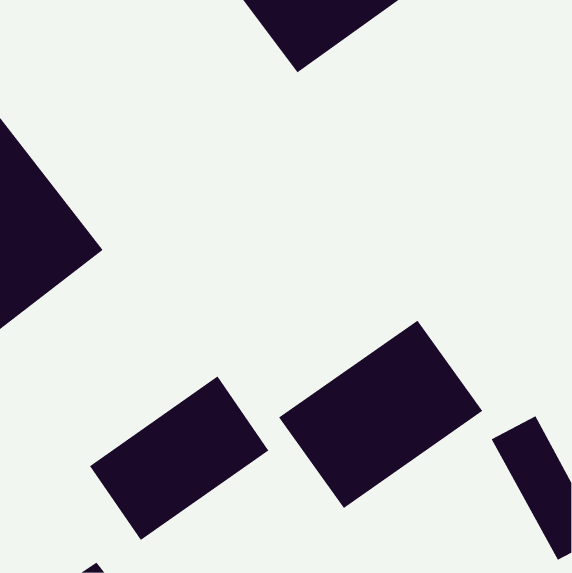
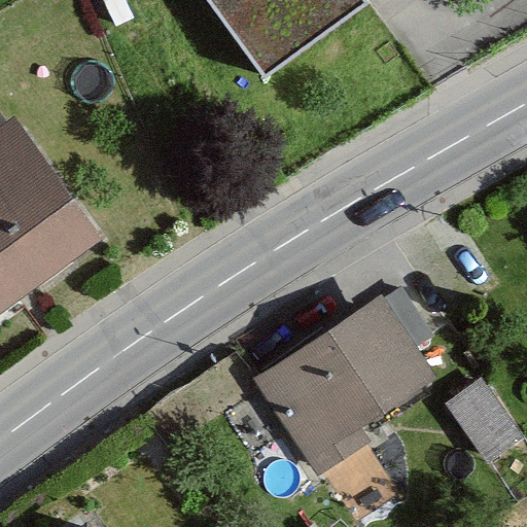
building: [89,376,269,541] -> none

